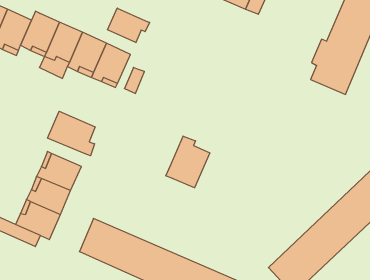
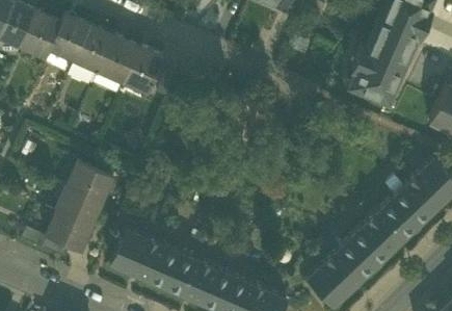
building: [108,8,150,43] -> none
building: [48,111,95,156] -> none
building: [166,136,210,188] -> none

